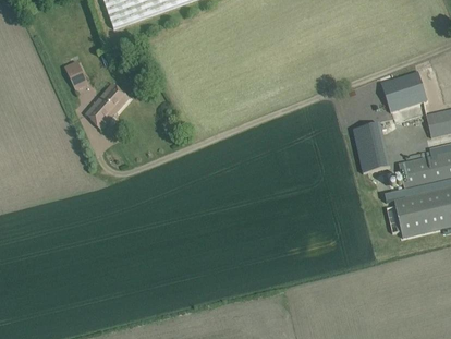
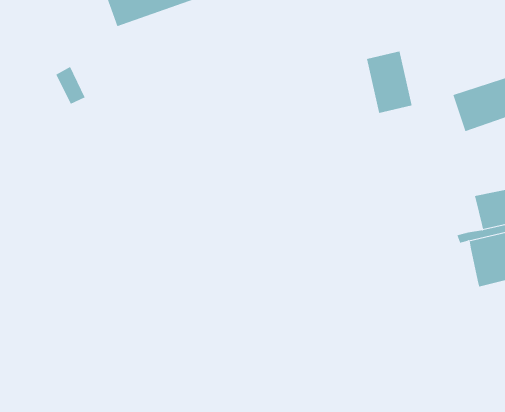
building: [86,83,130,130] -> none
building: [353,123,390,173] -> [366,51,412,114]

